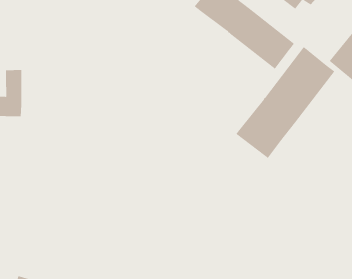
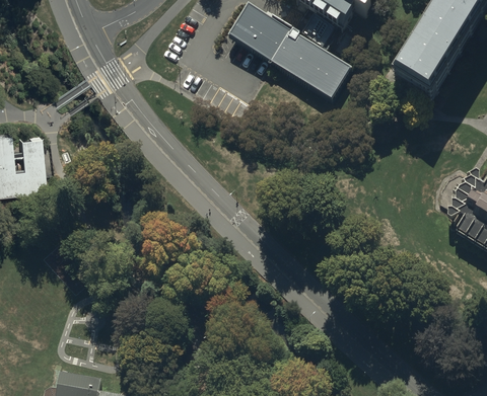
building: [235,46,335,159] -> none

